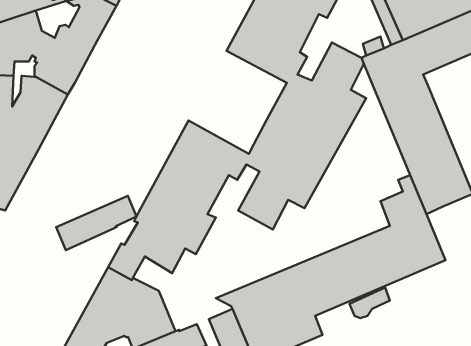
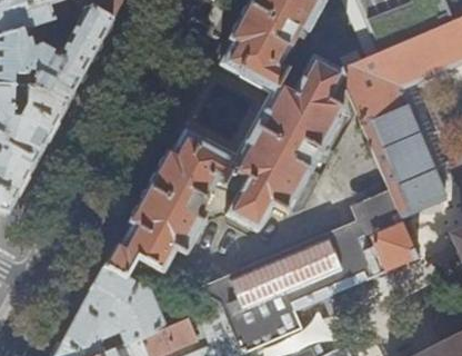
building: [56,196,136,250] -> none

